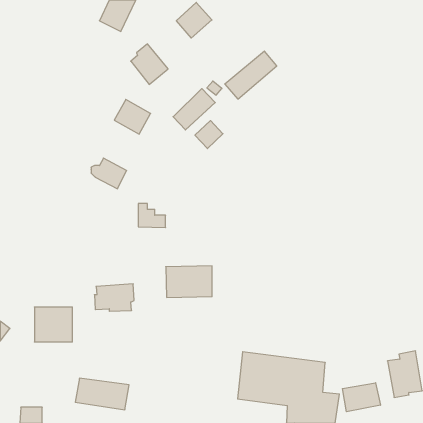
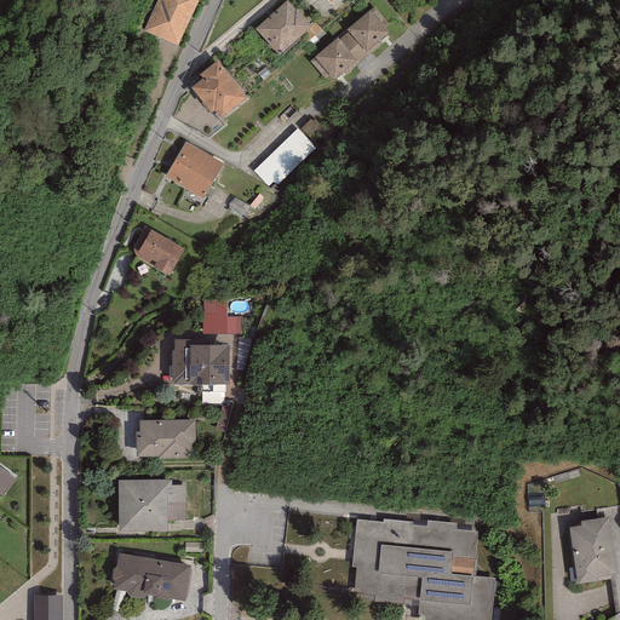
building: [225,51,277,99] -> [312,13,389,84]
building: [195,121,223,149] -> none
building: [166,266,212,297] -> [170,338,237,384]
building: [34,307,72,342] -> [117,480,173,530]
building: [342,383,380,412] -> none

